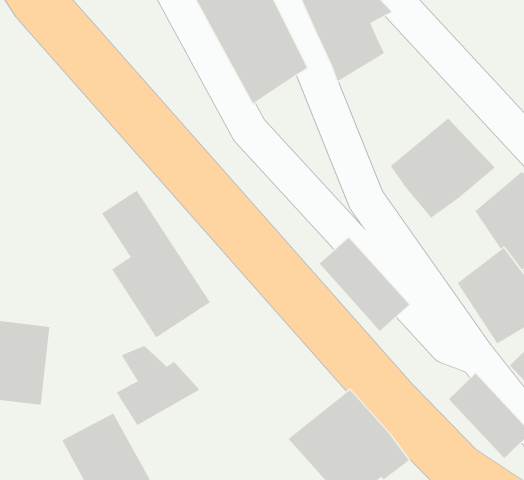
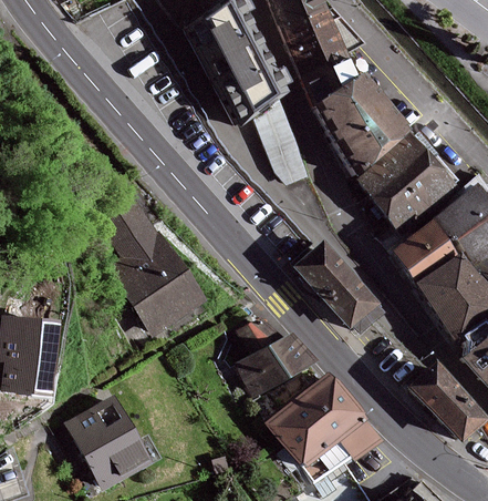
building: none -> [313,76,408,174]
building: none -> [255,99,304,184]
building: none -> [398,221,458,285]
building: [116,345,200,426] -> [235,324,310,396]

